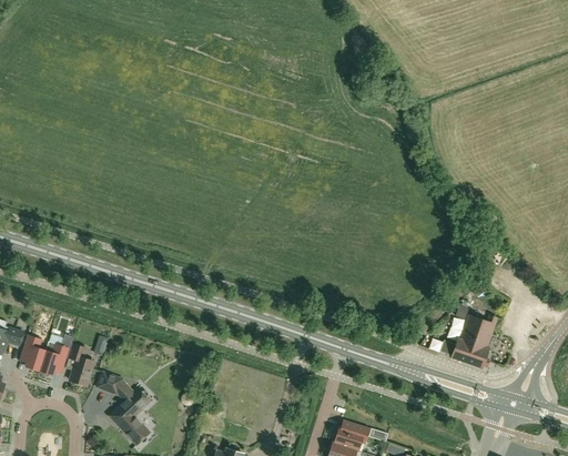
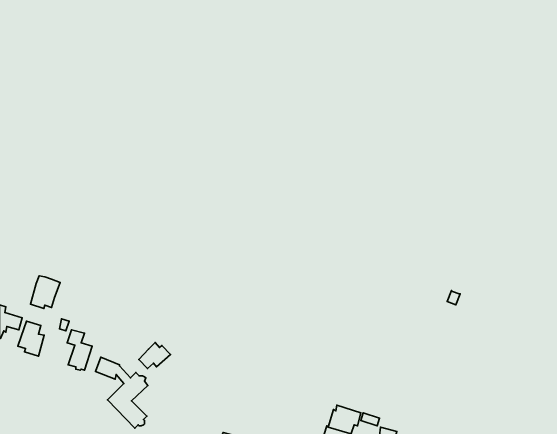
building: [439,315,497,366] -> none
building: [40,342,70,375] -> [31,276,60,309]
building: none -> [139,343,170,368]

